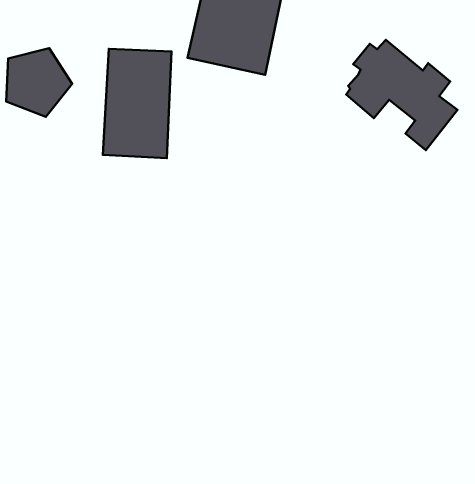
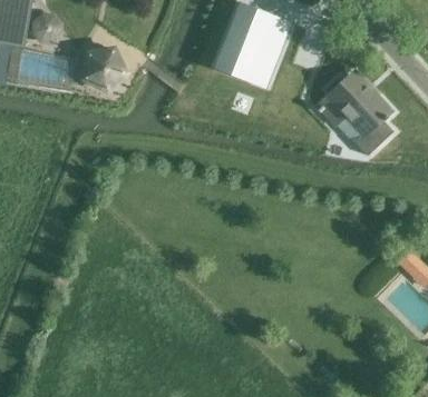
building: [103,49,172,158] -> none

